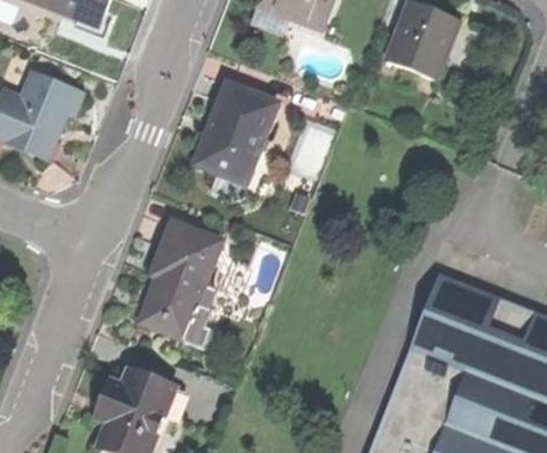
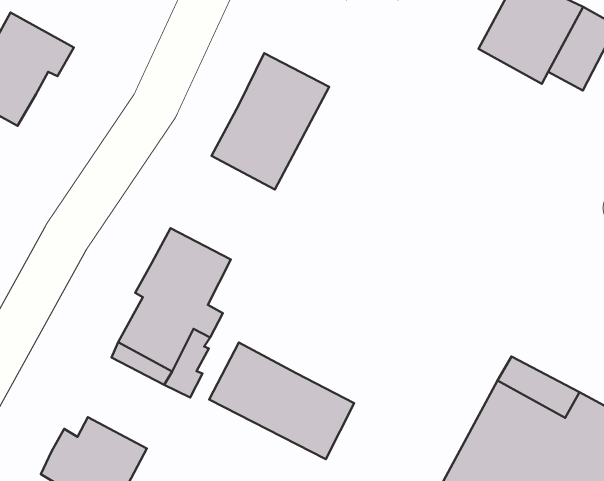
building: none -> [209,343,354,459]

